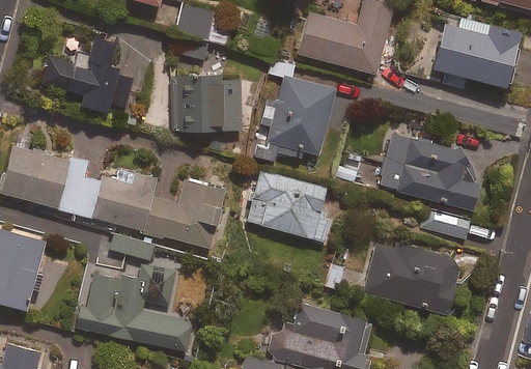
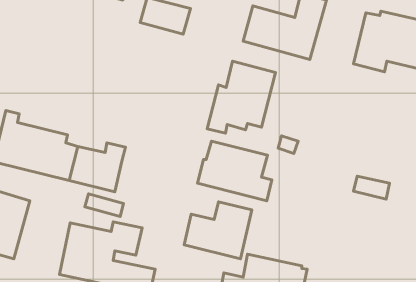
building: [44,36,136,111] -> none
building: [173,77,242,131] -> none
building: [380,132,477,209] -> none
building: [145,180,225,248] -> [184,202,252,259]
building: [363,242,456,313] -> none

